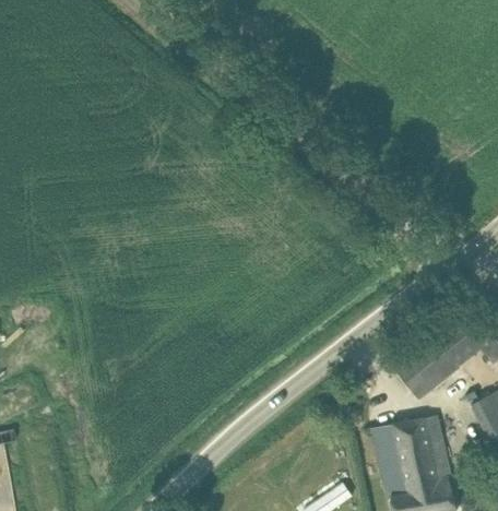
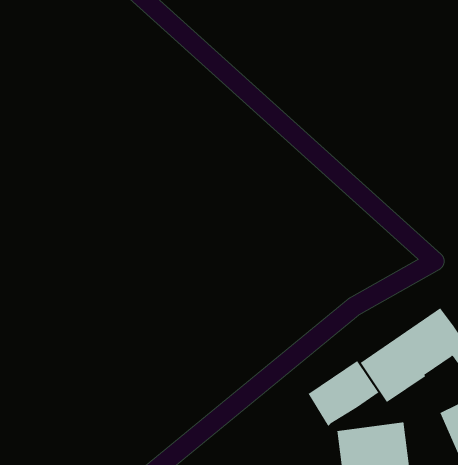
building: none -> [308,360,379,427]

